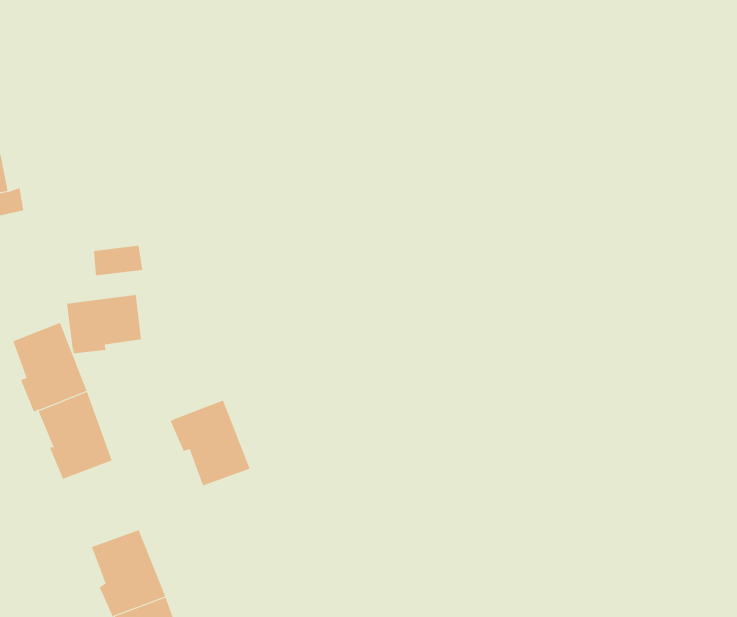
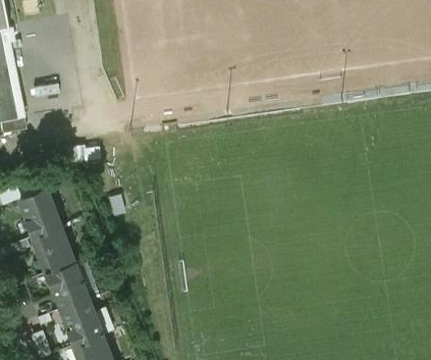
building: [67,294,142,354] -> none
building: [170,400,251,486] -> [45,262,88,308]

